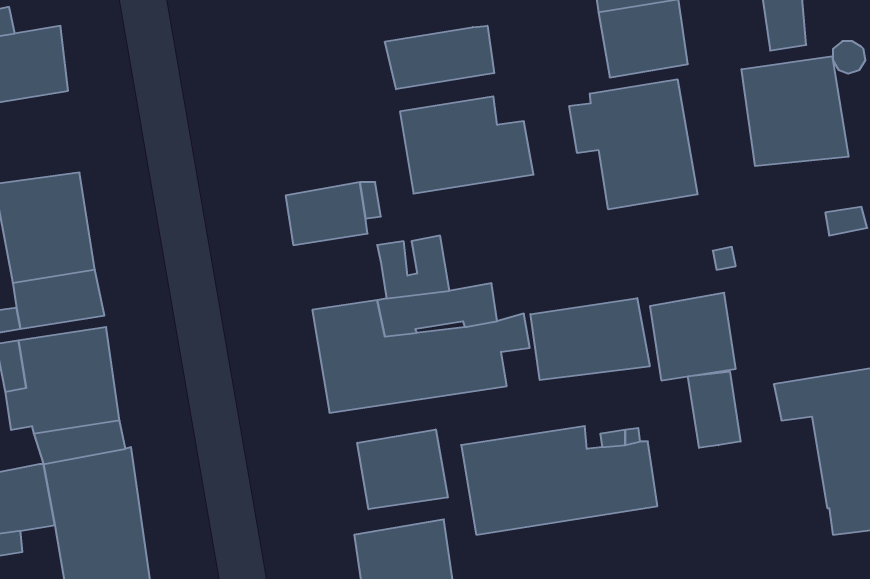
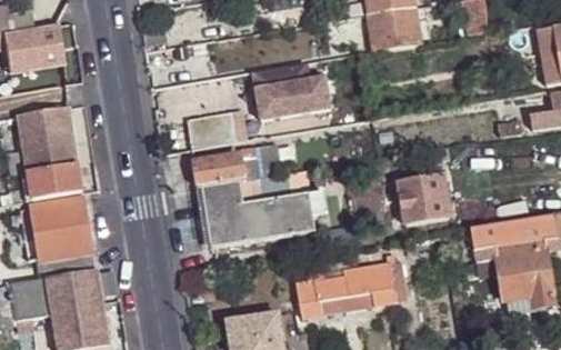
building: [385,26,494,89] -> none
building: [742,56,849,166] -> none
building: [569,79,698,209] -> none
building: none -> [192,158,244,189]
building: [530,298,650,380] -> none
building: [688,372,741,448] -> none
building: [357,429,448,509] -> none

